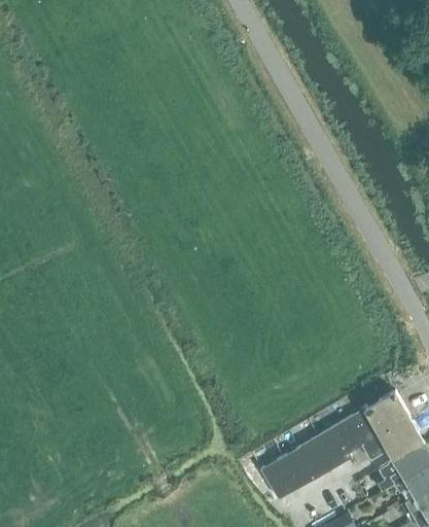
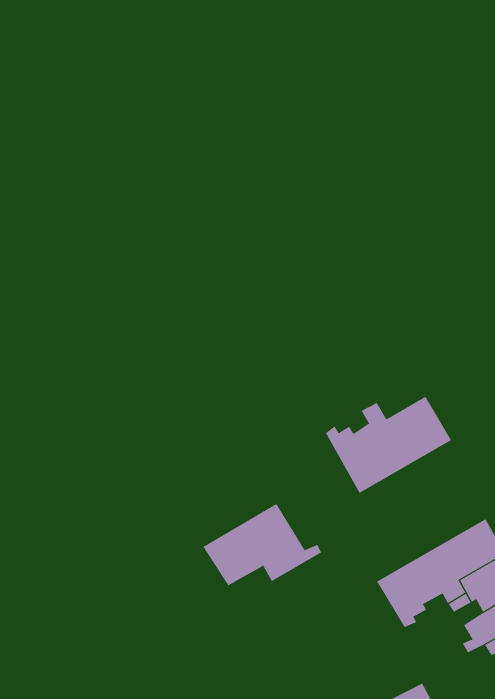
building: none -> [325,396,452,494]
building: [259,437,347,498] -> [203,503,322,586]

